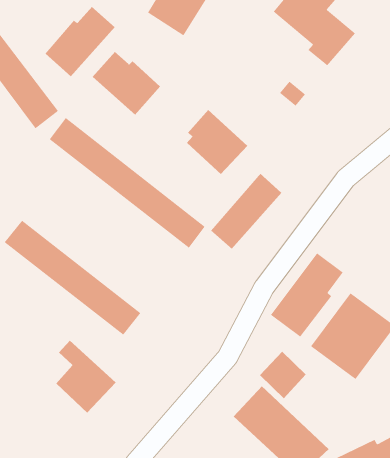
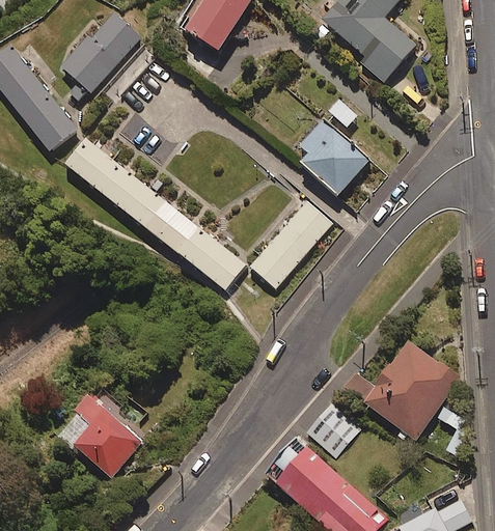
building: [92,51,161,116] -> none
building: [186,109,248,175] -> [299,118,369,193]
building: [4,220,141,335] -> none
building: [270,252,344,337] -> none

